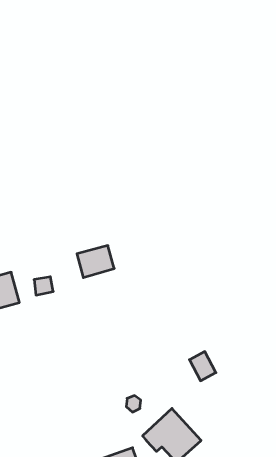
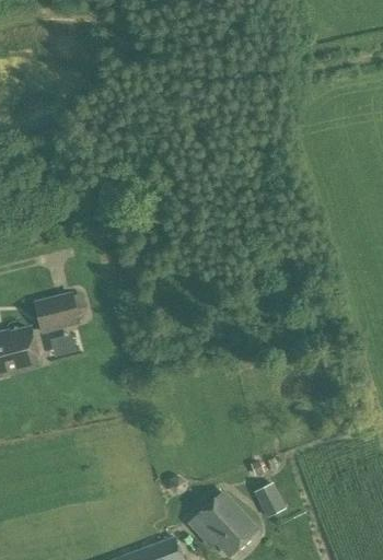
building: [77,246,114,278] -> [34,292,79,330]
building: [189,352,216,381] -> [253,482,285,517]

